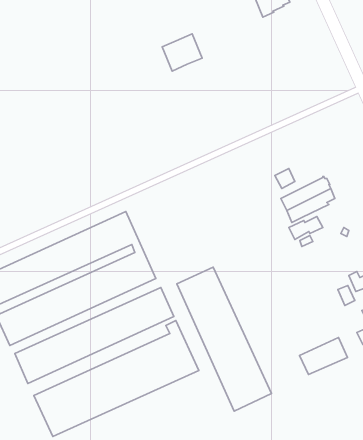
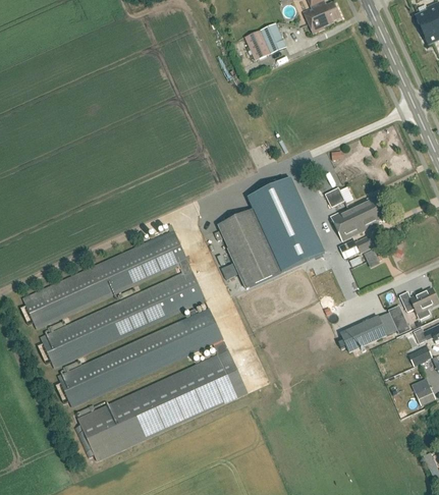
building: [162,34,202,71] -> [244,22,285,60]
building: none -> [218,177,324,286]
building: [177,267,272,411] -> none
building: [299,337,348,374] -> [339,314,388,351]

